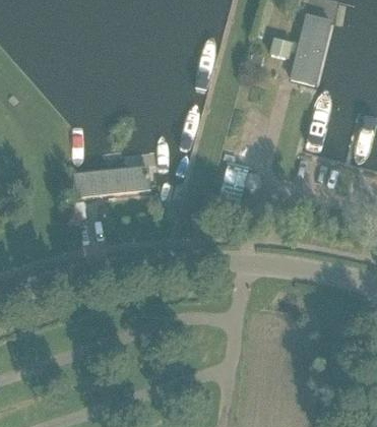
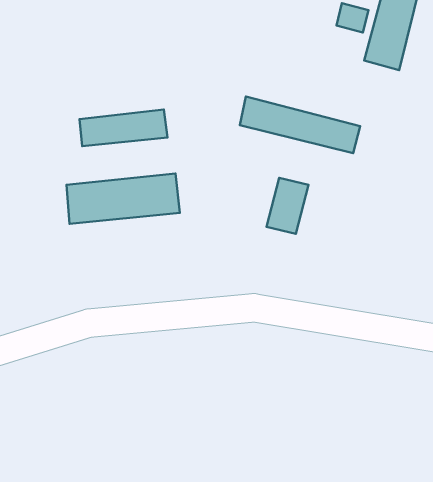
building: none -> [240,97,360,153]
building: none -> [79,110,168,146]

